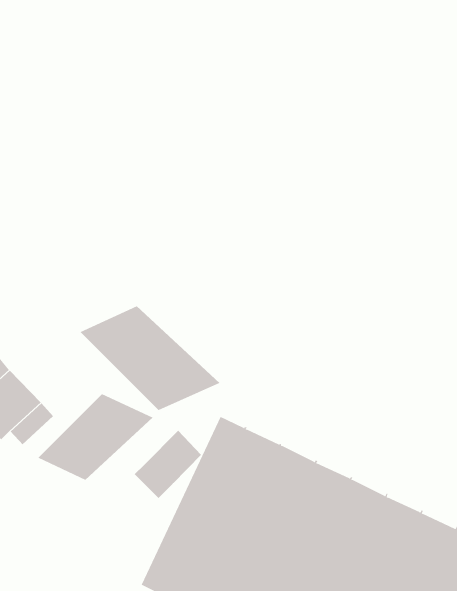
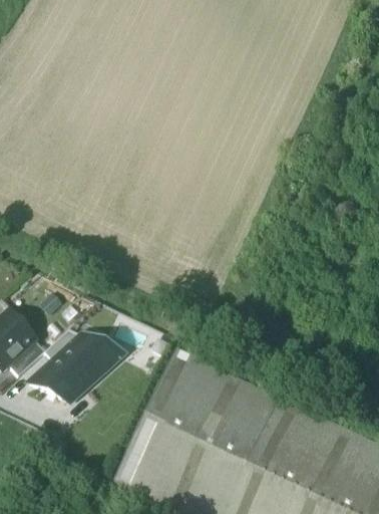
building: [80,305,221,411] -> none
building: [134,430,202,499] -> none

